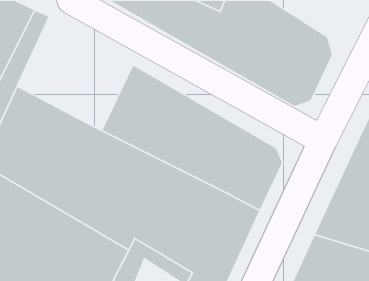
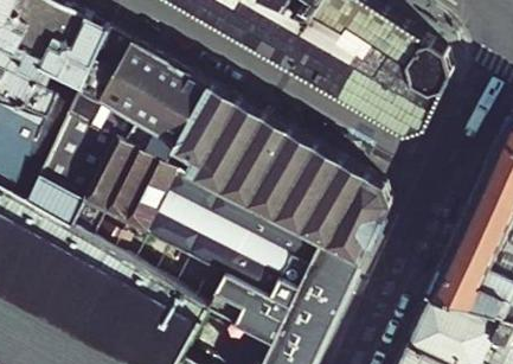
building: none -> [70,26,210,164]

